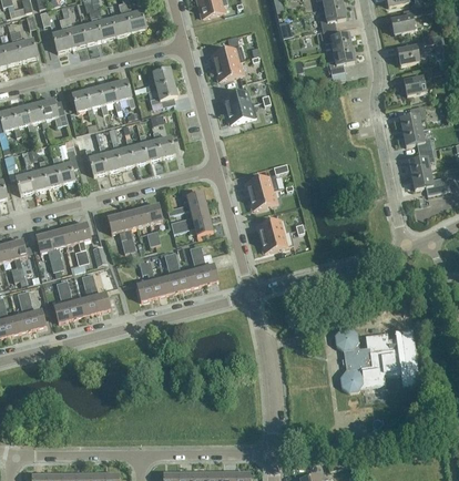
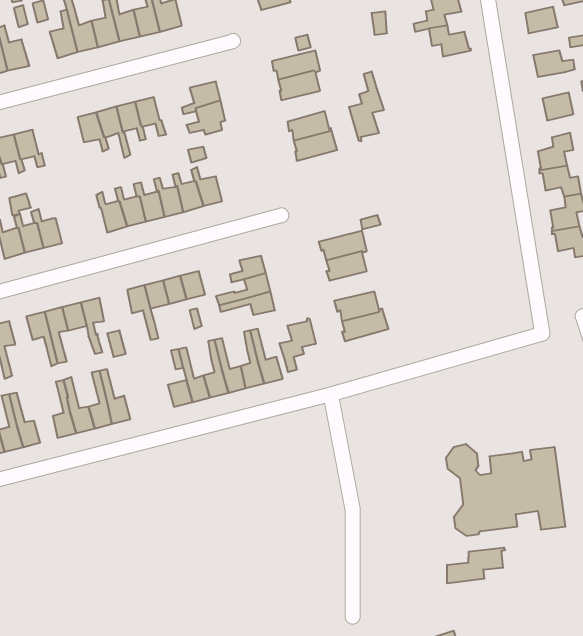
building: [329,45,355,79] -> none
building: none -> [349,71,384,141]
building: [40,98,68,125] -> none
building: [52,149,79,183] -> none
building: none -> [280,318,316,372]
building: none -> [447,547,505,583]

